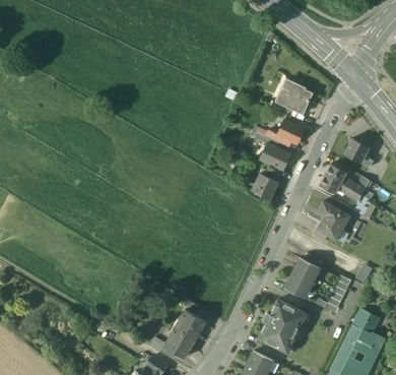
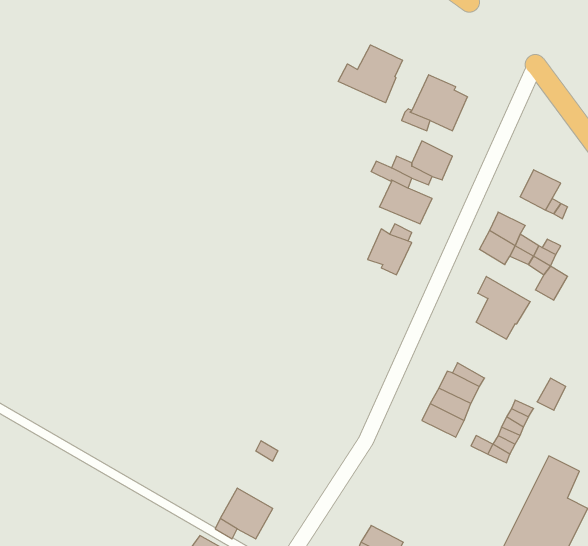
building: none -> [338,45,402,103]
building: [258,300,306,352] -> none
building: [174,310,206,340] -> none

